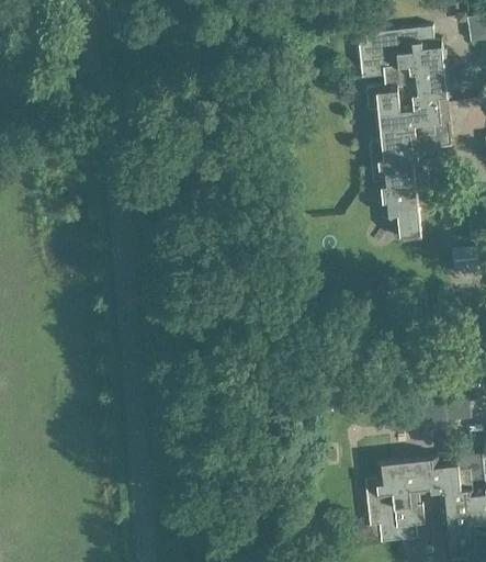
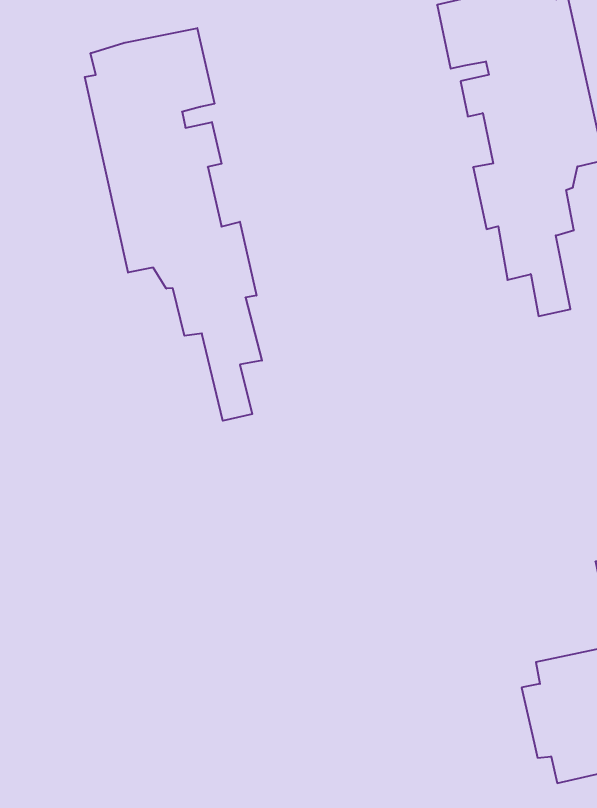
building: none -> [85,28,262,421]

